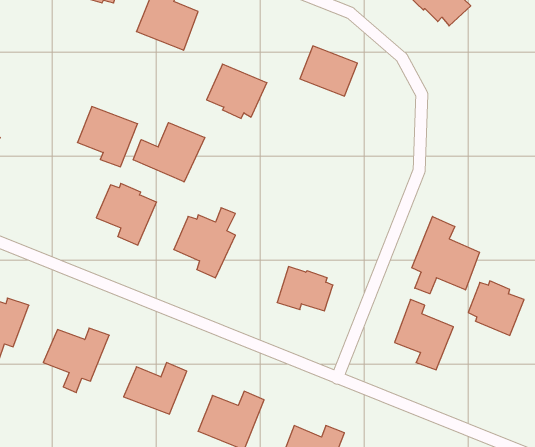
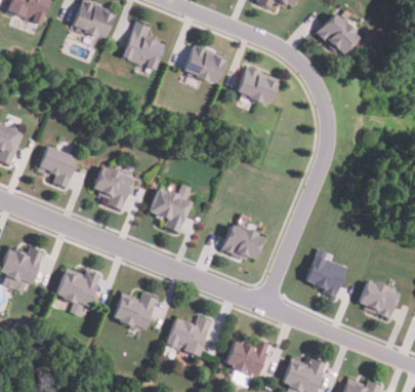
building: [207,64,267,118] -> [183,44,226,83]
building: [77,107,138,167] -> [36,145,79,188]
building: [133,123,205,182] -> none
building: [412,216,480,294] -> none
building: [468,281,524,335] -> [360,279,400,318]

